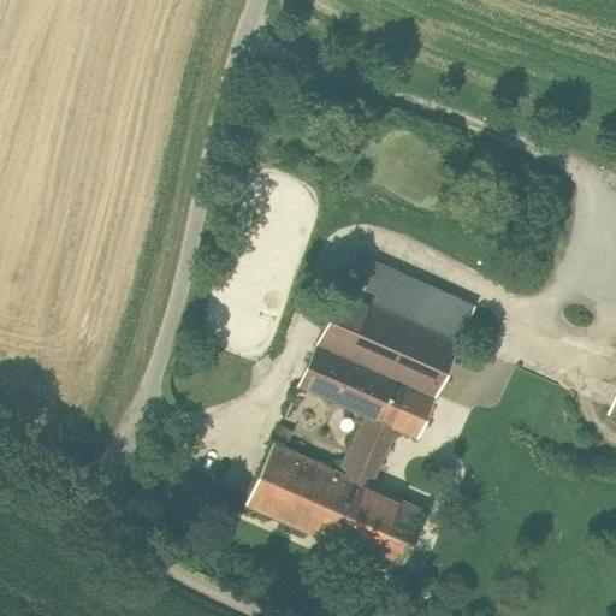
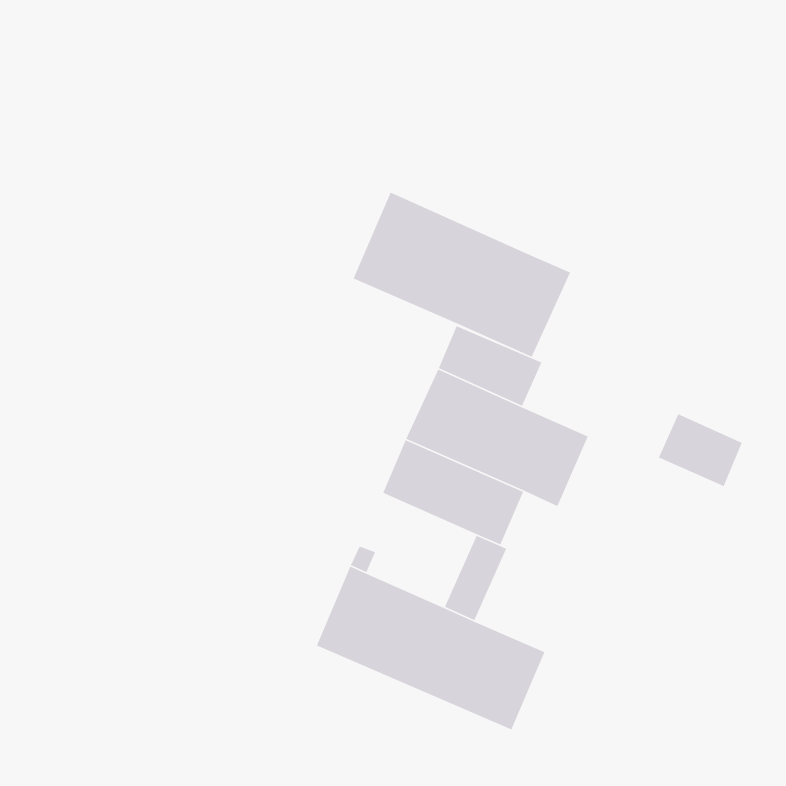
building: none -> [352,192,571,358]
building: [409,283,475,340] -> [658,413,743,487]
building: [392,384,437,438] -> none

